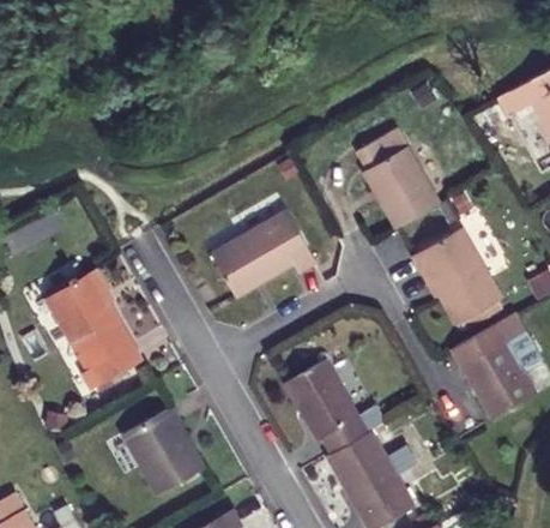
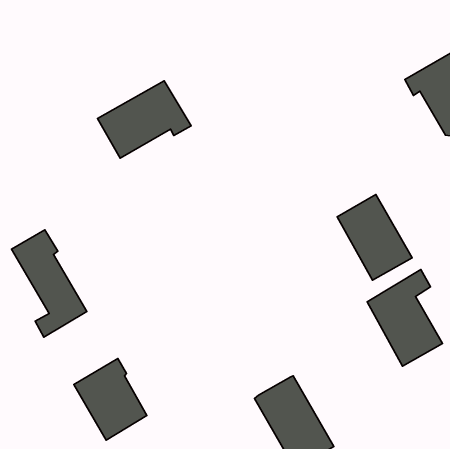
building: [357,128,437,227] -> none
building: [212,212,316,299] -> [98,81,191,158]
building: [284,358,365,451] -> none

